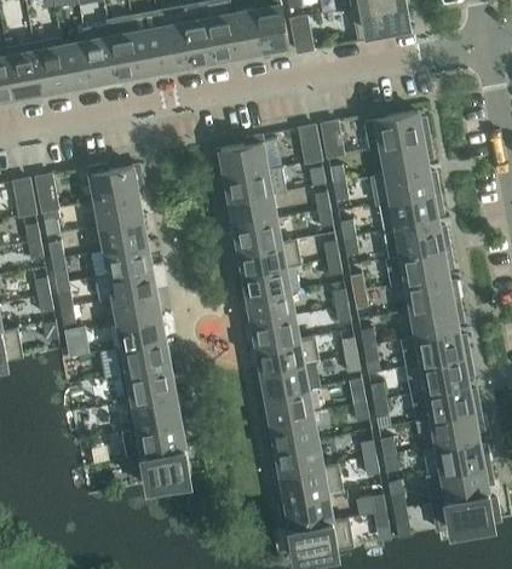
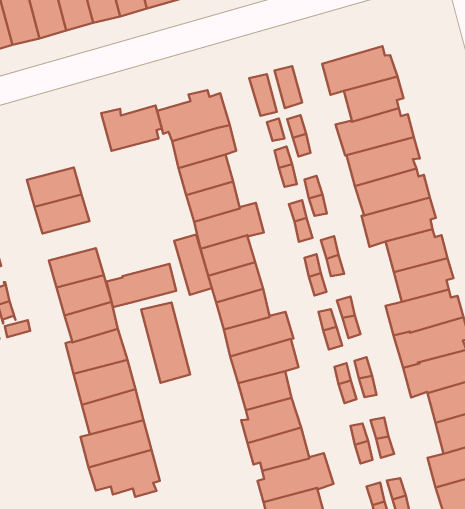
building: [90,167,142,203] -> [101,106,162,151]
building: [91,245,151,278] -> [106,264,176,307]
building: none -> [174,234,212,295]
building: none -> [141,302,190,383]

